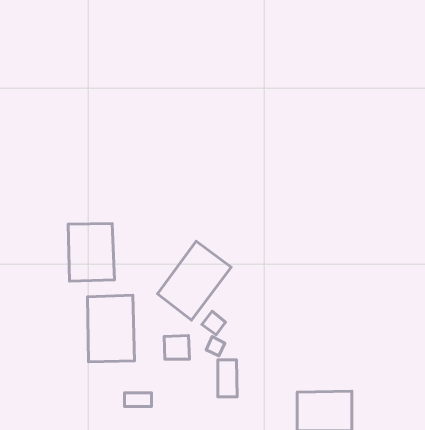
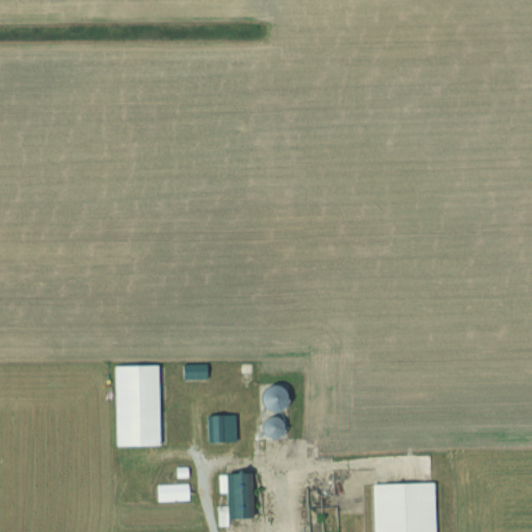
building: [68,224,114,281] -> none
building: [158,241,231,320] -> none
building: [218,360,237,397] -> [227,474,250,520]

